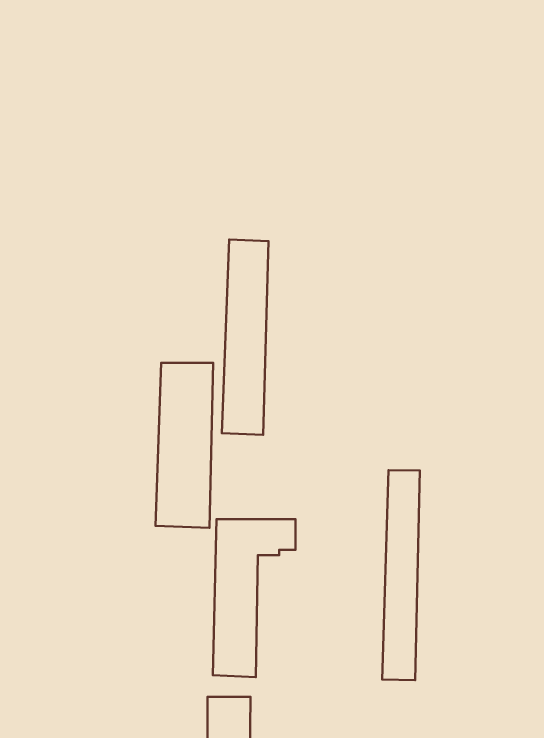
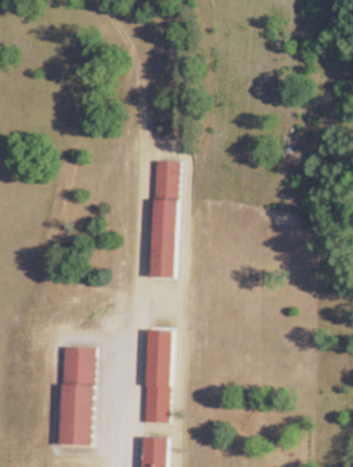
building: [156,363,213,528] -> [60,346,94,446]
building: [382,470,420,680] -> none

